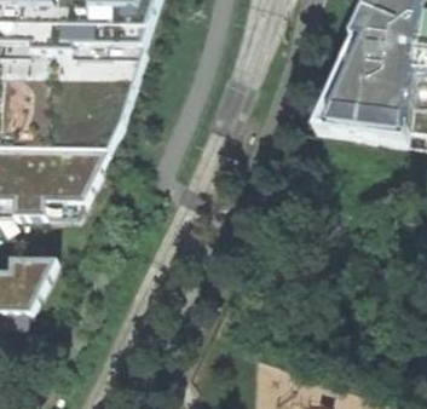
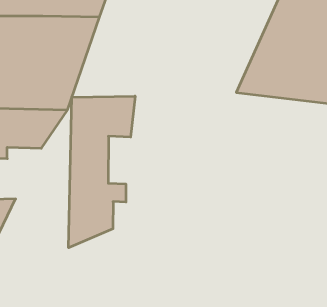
building: none -> [69,96,135,248]

